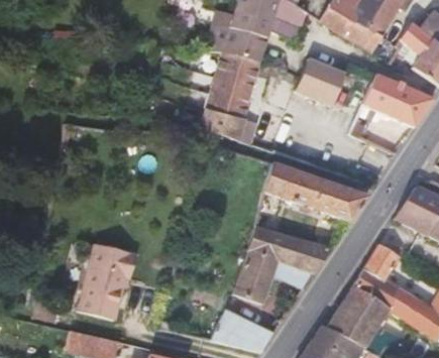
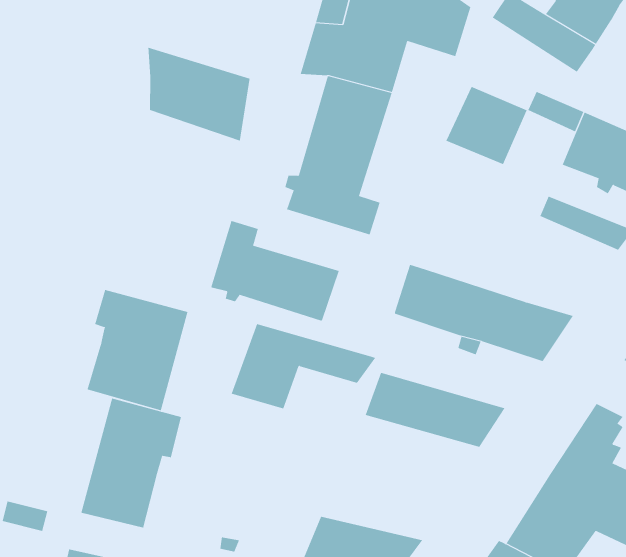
building: none -> [148,47,250,142]
building: none -> [211,220,340,322]
building: none -> [87,289,188,411]
building: [231,252,317,303] -> [231,324,376,409]

